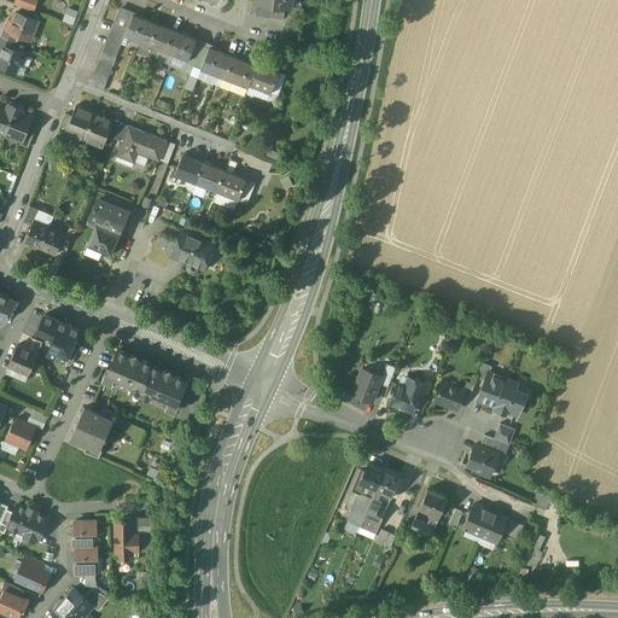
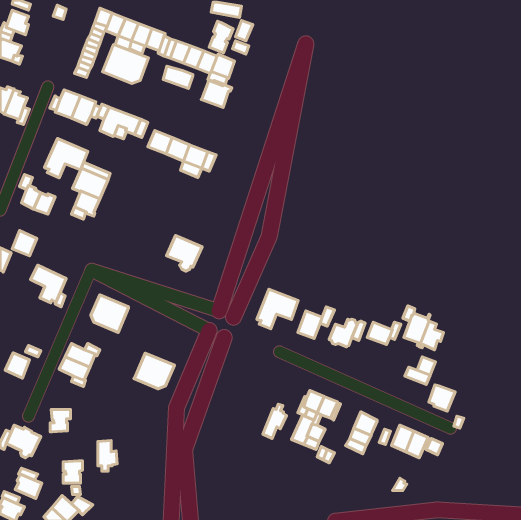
building: none -> [209,21,233,53]
building: none -> [102,44,149,83]
building: none -> [163,66,193,89]
building: none -> [201,81,232,108]
building: none -> [45,139,88,178]
building: [171,232,214,274] -> [166,235,202,271]
building: none -> [257,289,298,329]
building: [8,345,37,375] -> [12,230,37,256]
building: [139,366,187,408] -> [134,353,175,389]
building: [467,445,499,477] -> [429,385,455,411]
building: none -> [263,404,287,438]
building: [72,521,97,548] -> [50,410,71,432]

